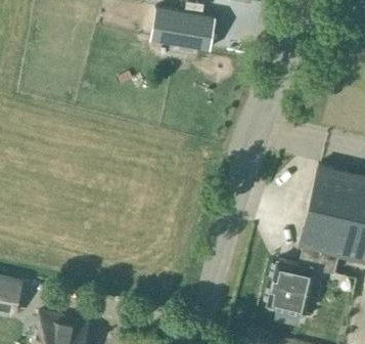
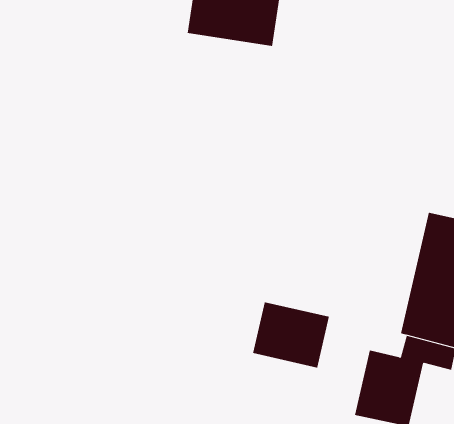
building: none -> [252,301,330,368]

